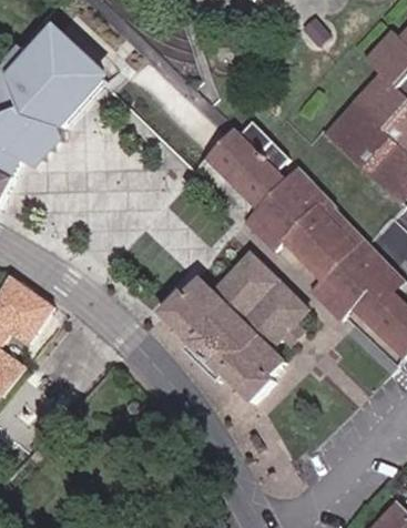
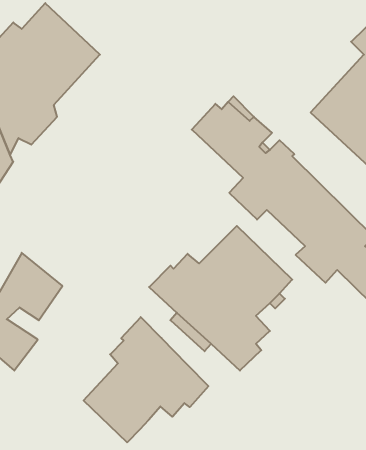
building: none -> [84,317,208,442]

